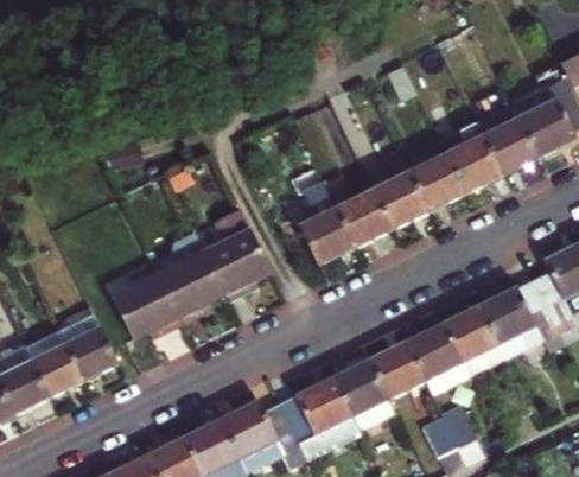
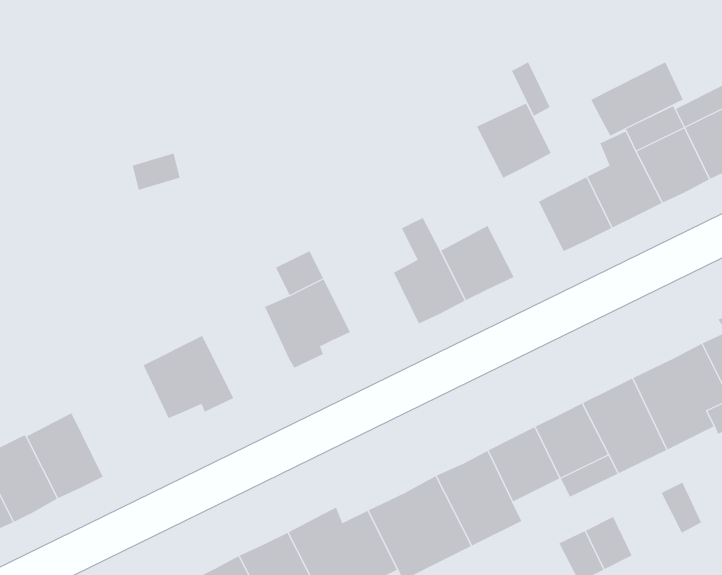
building: none -> [591,61,684,136]
building: [373,170,430,227] -> [476,103,552,178]
building: [152,228,223,318] -> none
building: [58,311,119,377] -> none

